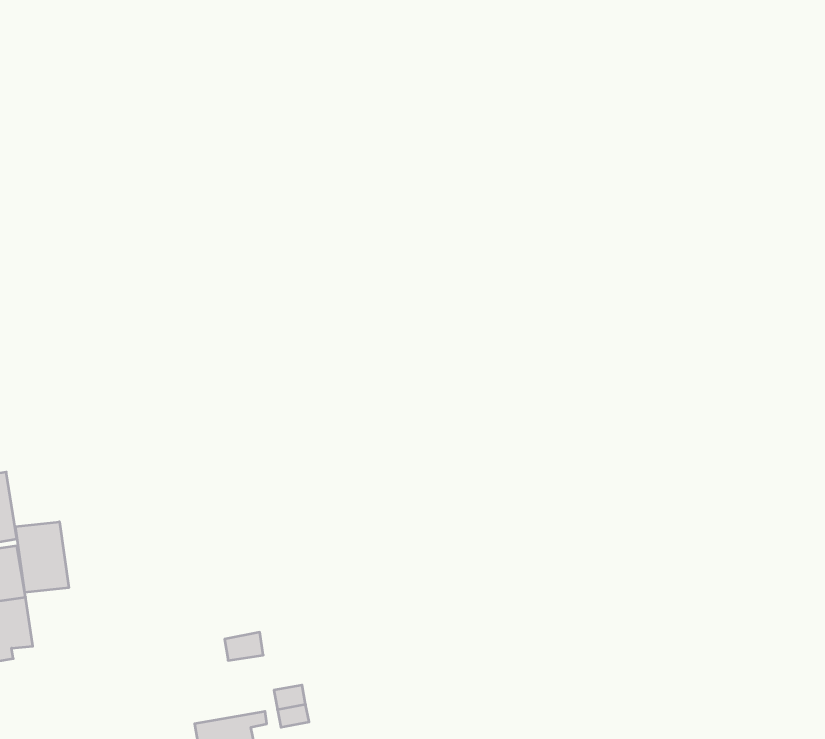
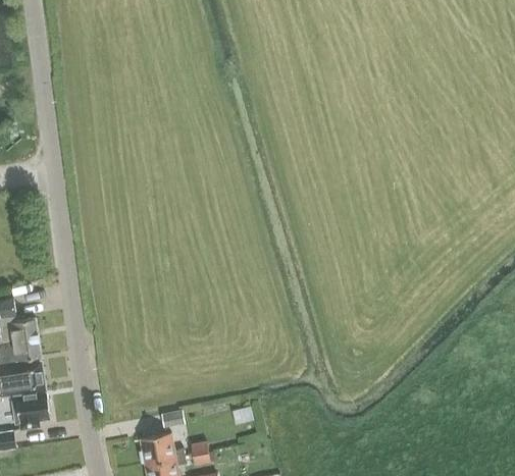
building: [15,522,69,592] -> none
building: none -> [139,433,184,464]

